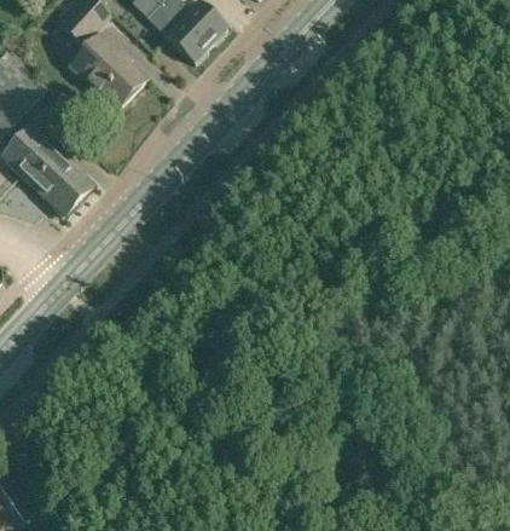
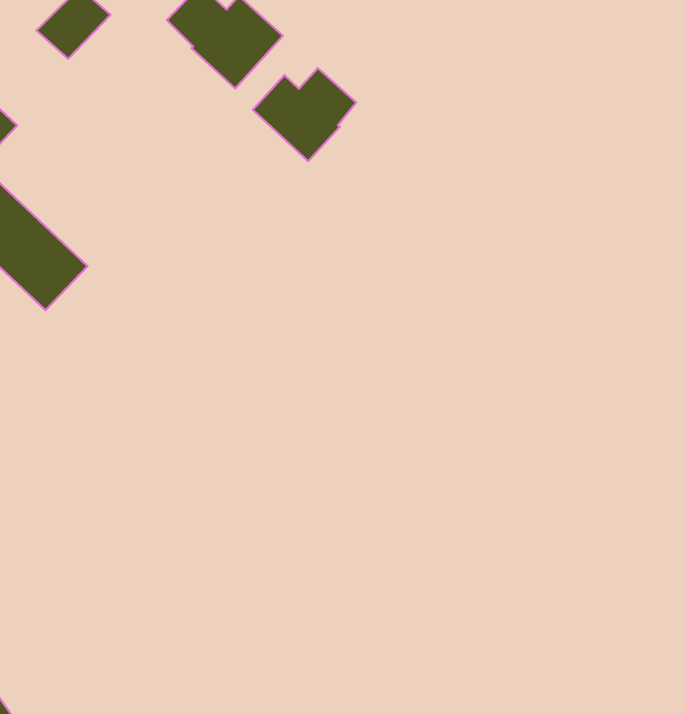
building: [69,33,146,108] -> none
building: none -> [253,68,356,161]

